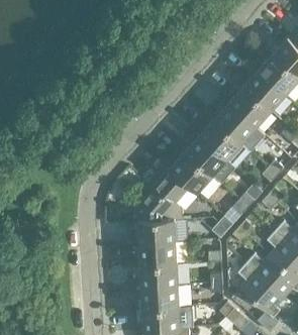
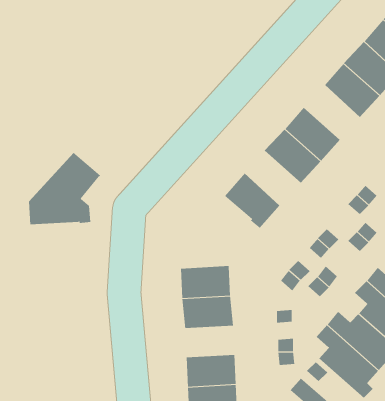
building: [229,87,271,127] -> none
building: [186,135,227,176] -> none
building: [137,169,191,222] -> [28,152,101,225]
building: [141,264,179,288] -> none

